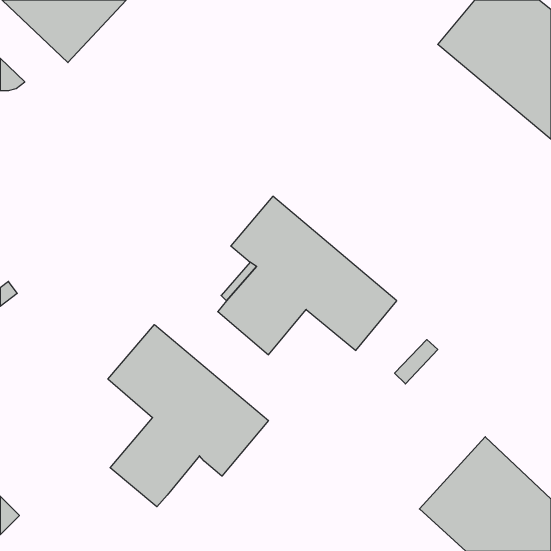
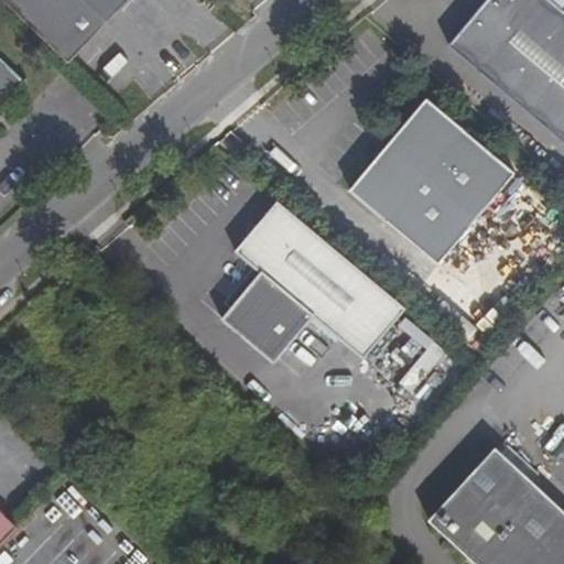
building: none -> [350,98,516,263]
building: [108,325,268,507] -> none

